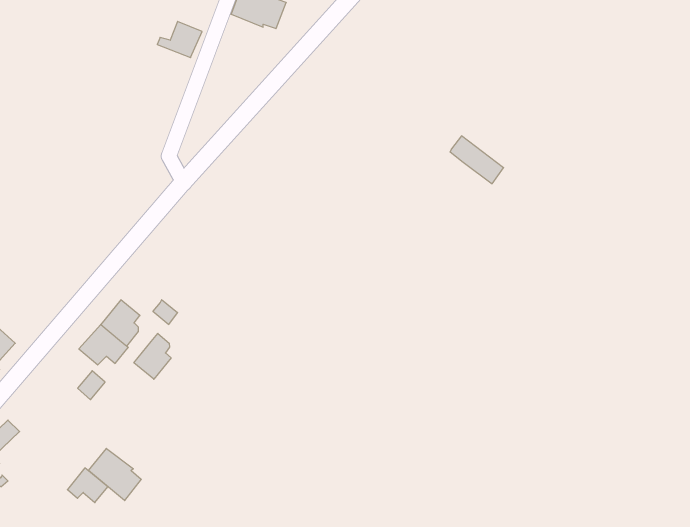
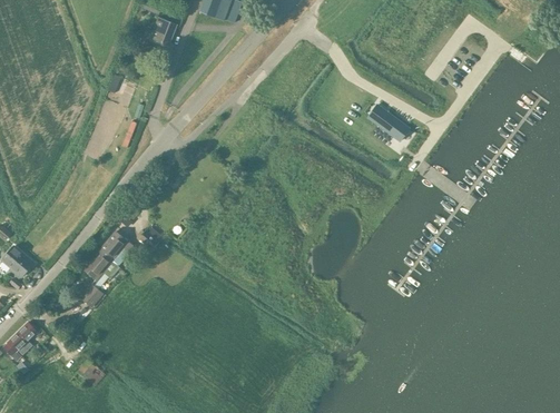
building: [134,333,171,379] -> none
building: [88,448,141,501] -> none

